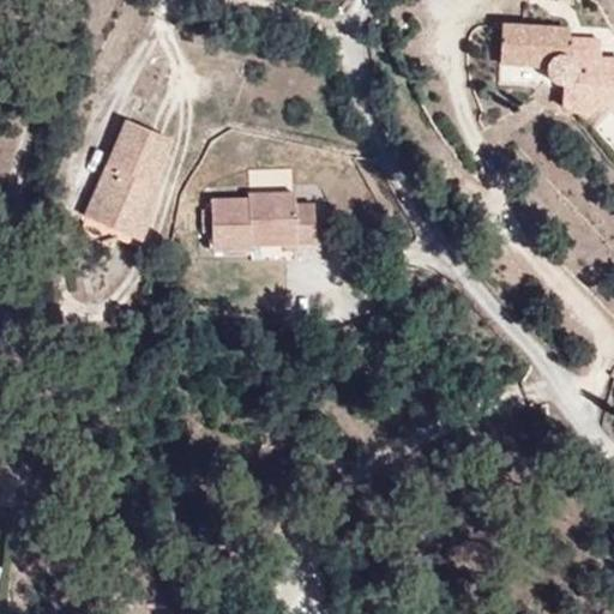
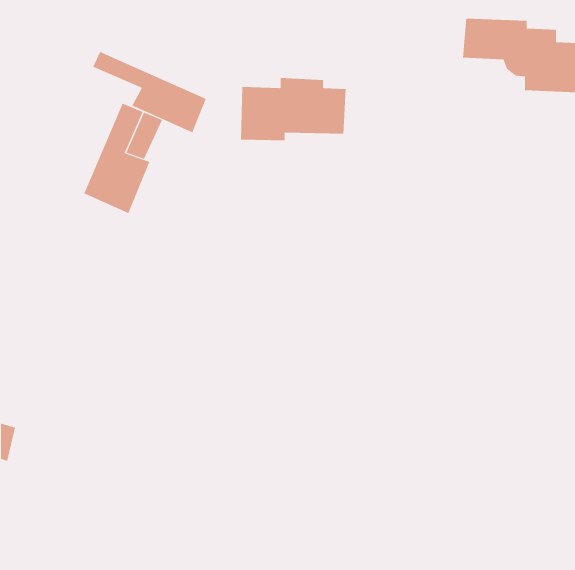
building: none -> [93,51,206,133]
building: [210,187,323,254] -> [240,78,346,141]

